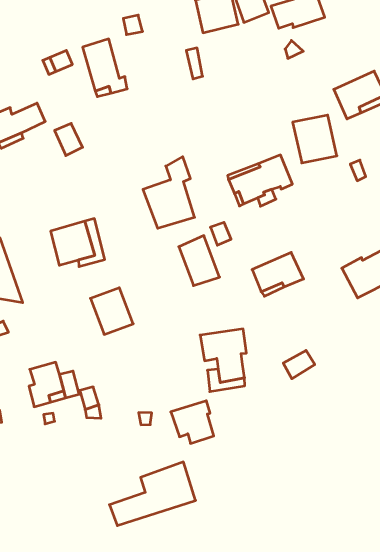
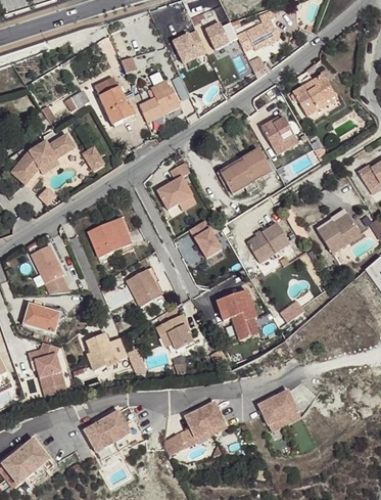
building: none -> [139,81,180,122]
building: [171,401,214,443] -> [156,315,192,350]
building: none -> [258,385,303,430]
building: none -> [84,411,131,452]

